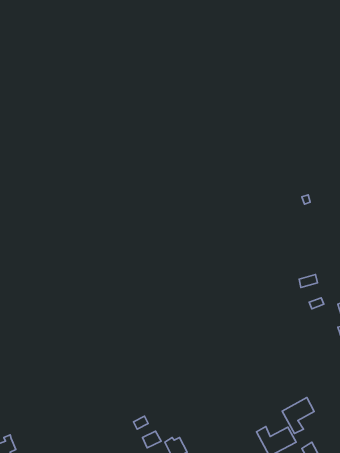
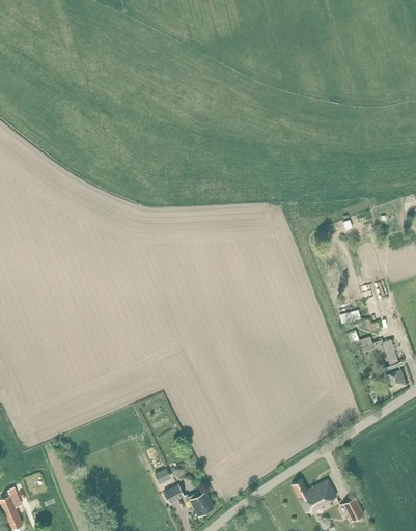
building: [282,397,314,434] -> none

